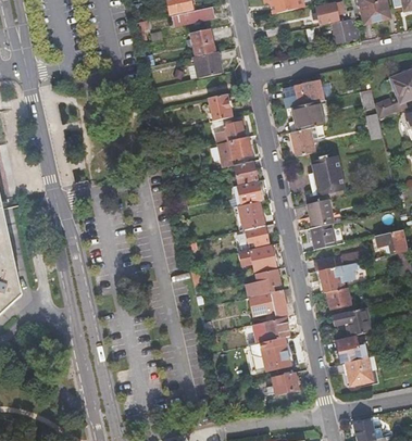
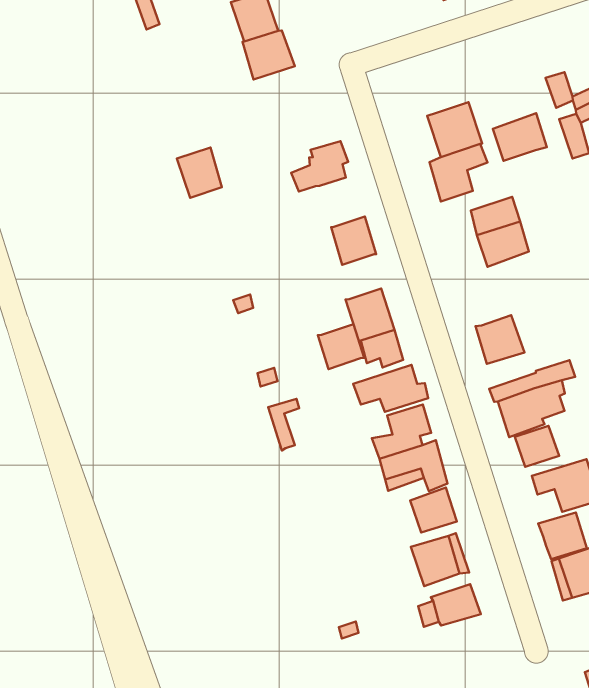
building: [295,80,324,105] -> [493,113,547,161]
building: [207,93,230,121] -> [177,148,222,198]
building: [217,136,251,166] -> none
building: [236,181,261,205] -> [318,324,364,369]
building: [308,198,335,227] -> none

